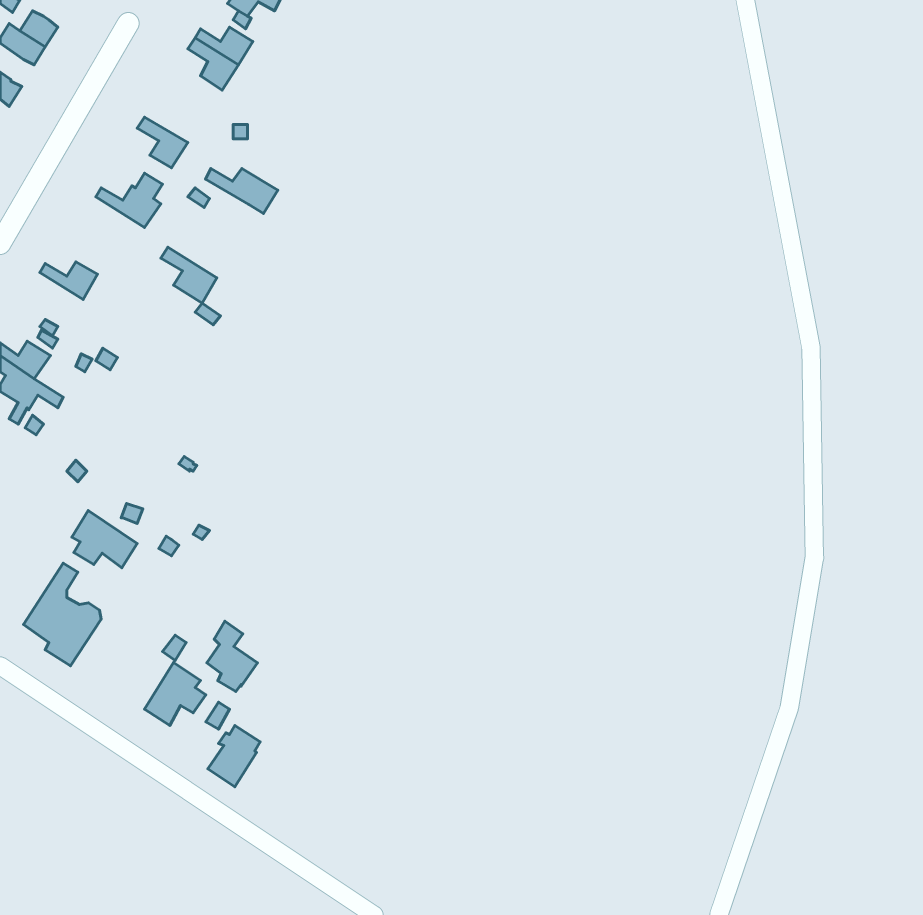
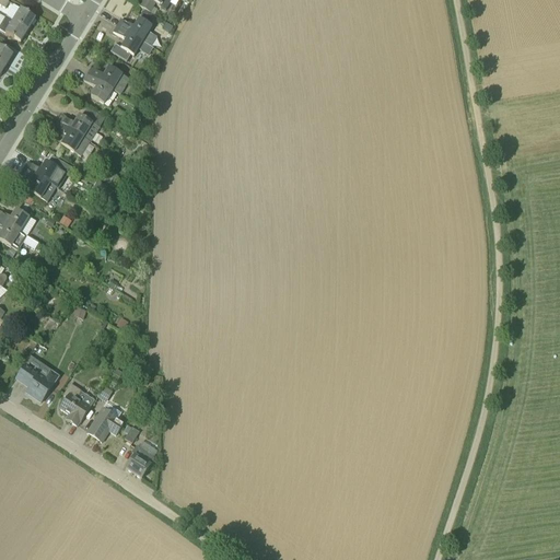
building: [206,168,278,214] -> [88,65,131,92]
building: [161,247,217,303] -> [54,119,88,153]
building: none -> [20,165,56,200]
building: [72,511,137,568] -> none
building: [207,621,257,692] -> [60,381,91,423]

